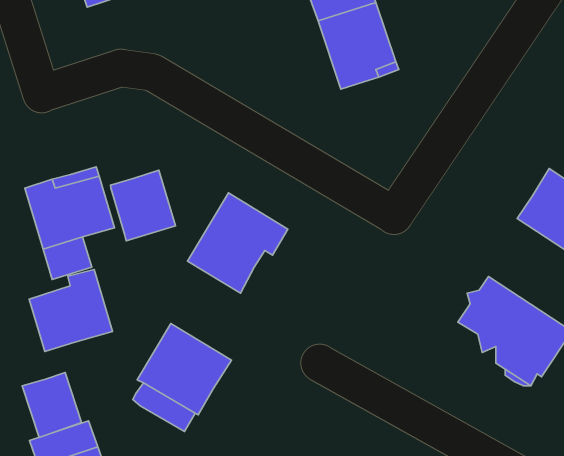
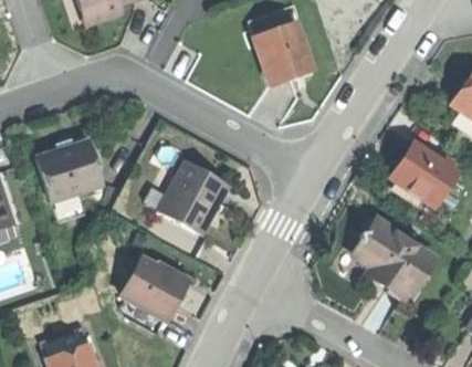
building: [110,170,176,241] -> none
building: [29,269,113,352] -> none
building: [22,372,82,437] -> none

